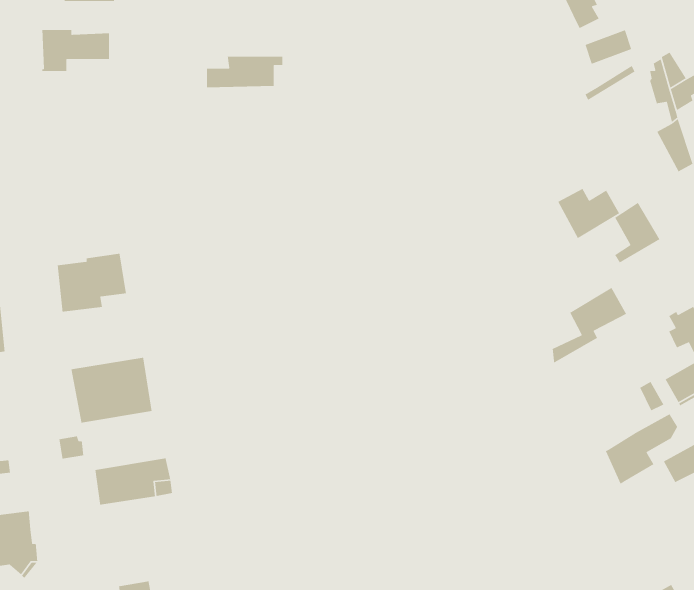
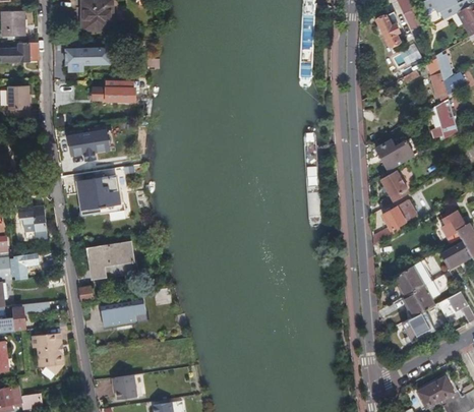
building: [206,56,283,88] -> [93,82,138,102]
building: none -> [69,128,109,155]
building: [614,202,660,263] -> [381,170,409,207]
building: none -> [395,266,422,296]
building: none -> [402,315,434,343]

